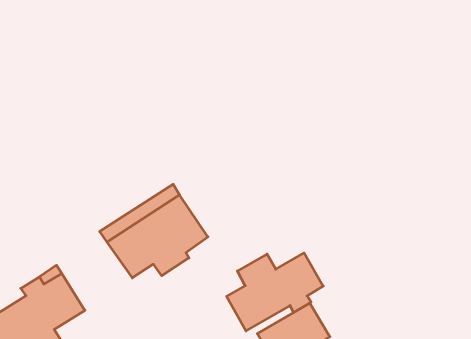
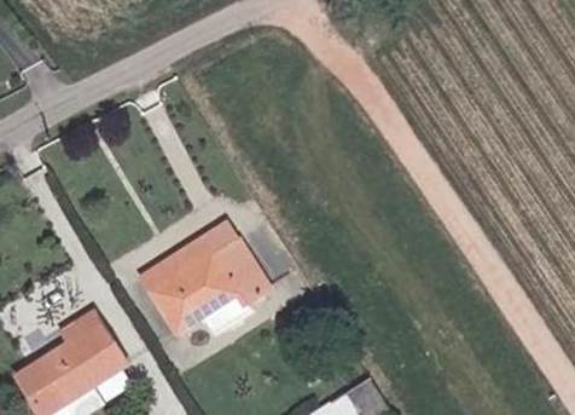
building: [227,253,323,331] -> none

